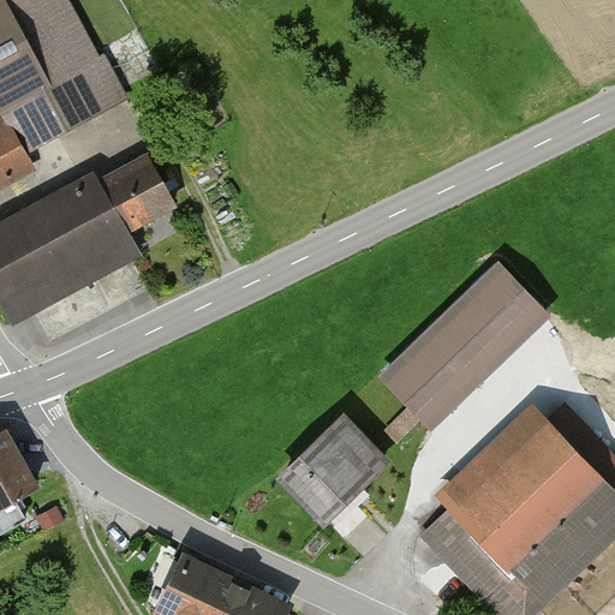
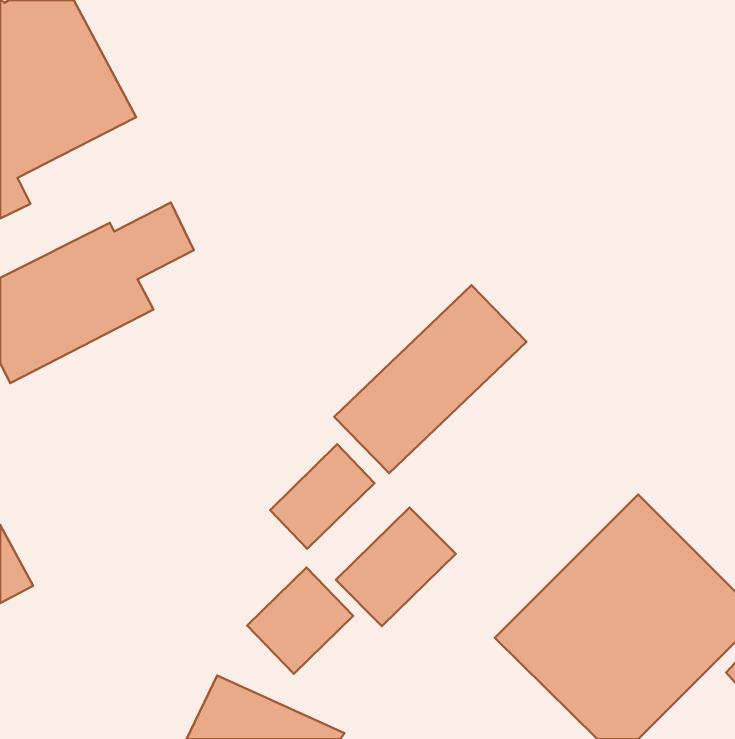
building: [384,270,544,426] -> [334,285,527,473]
building: none -> [270,444,374,549]
building: none -> [247,567,353,674]

